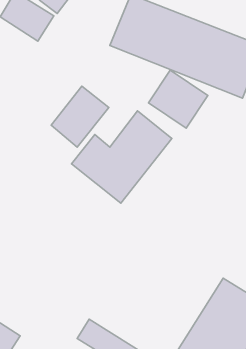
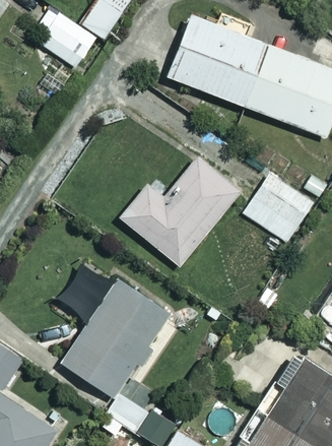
building: [148,70,208,128] -> [243,175,315,245]
building: [51,86,109,147] -> none
building: none -> [58,260,169,397]

